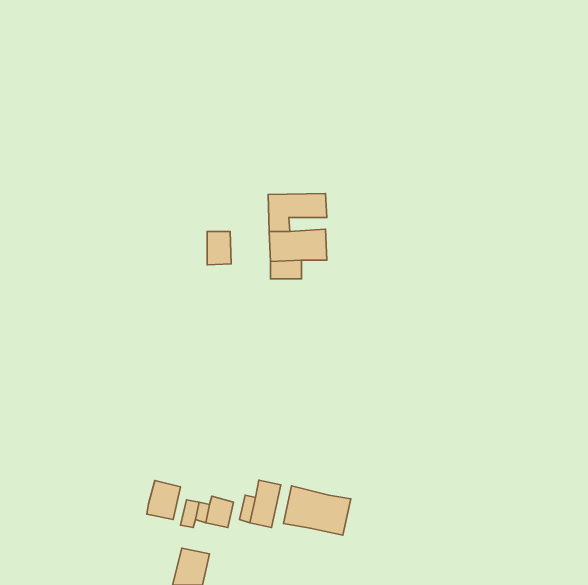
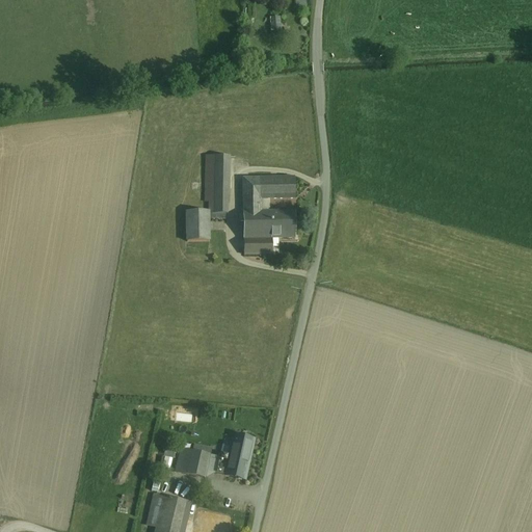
building: none -> [205,153,229,216]
building: [147,480,181,519] -> none
building: [284,486,351,535] -> none

